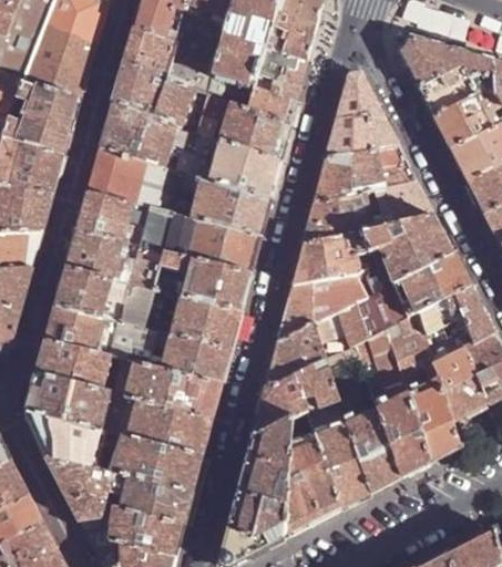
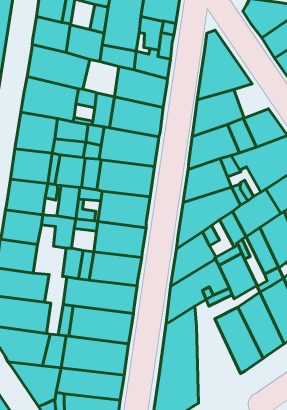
building: [197,93,232,140] -> none
building: [373,144,414,186] -> none
building: [92,315,137,359] -> none
building: [281,435,339,539] -> none

